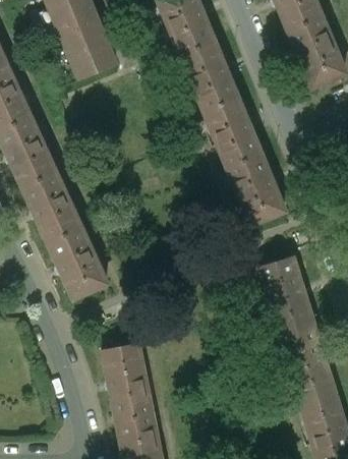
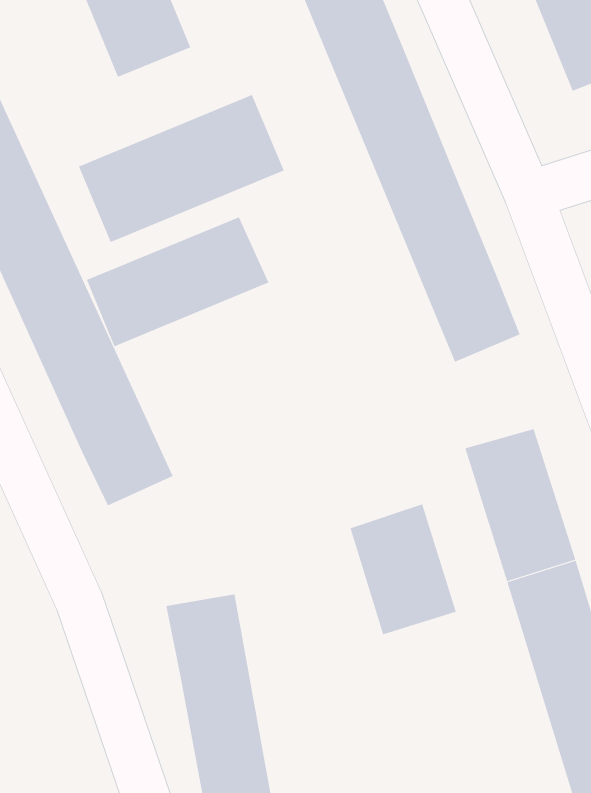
building: none -> [78,94,284,243]
building: none -> [86,216,269,347]
building: none -> [350,504,456,635]

